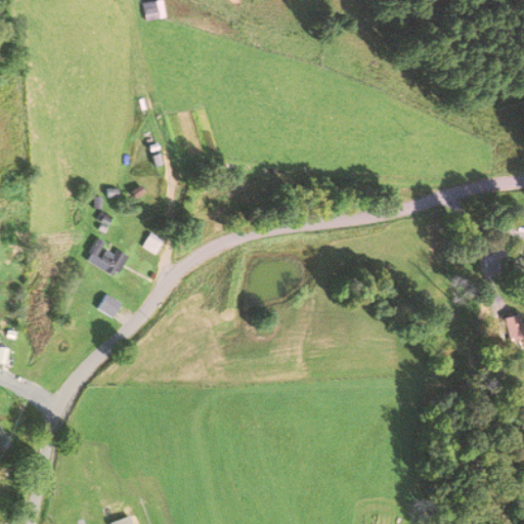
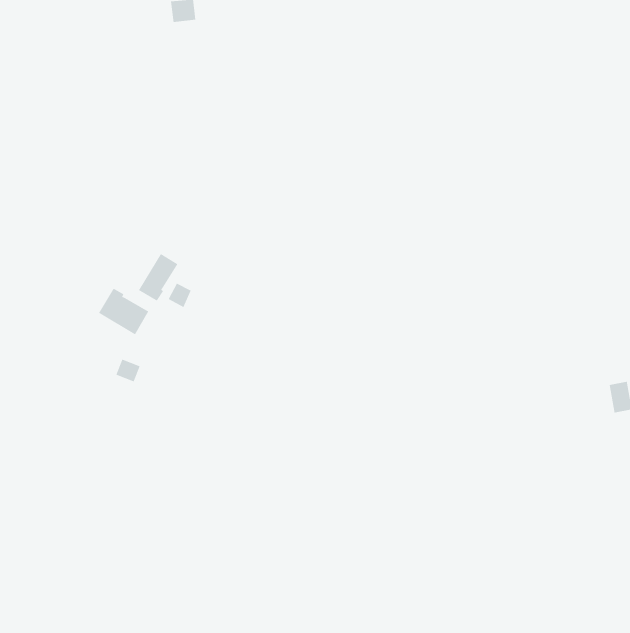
building: none -> [138,253,178,302]

